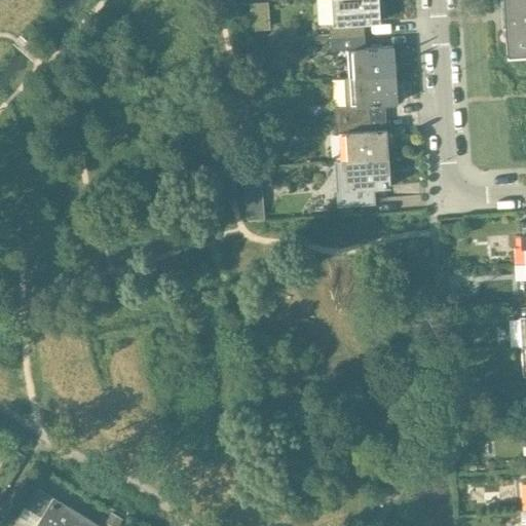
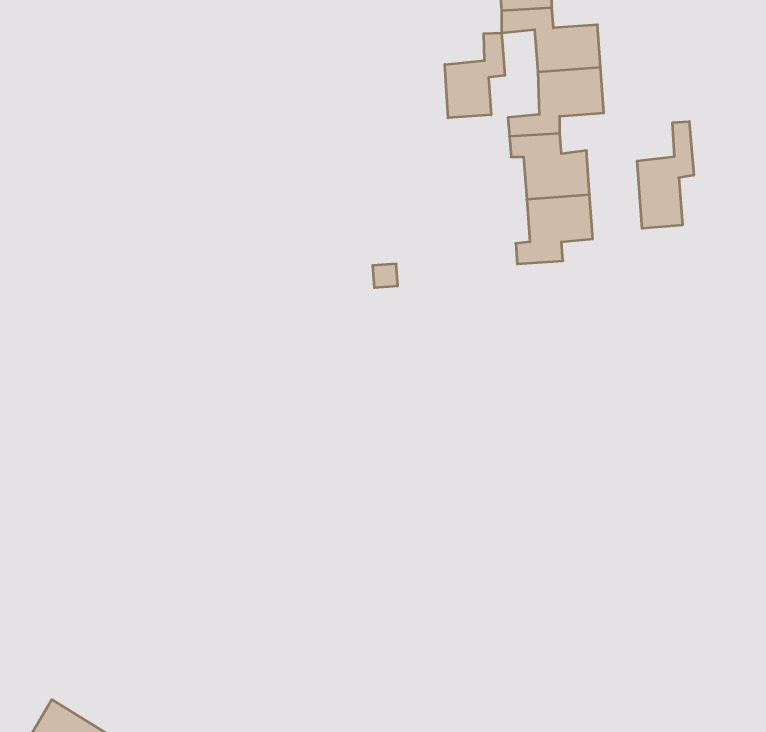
building: none -> [445,33,505,118]
building: none -> [637,121,694,228]

